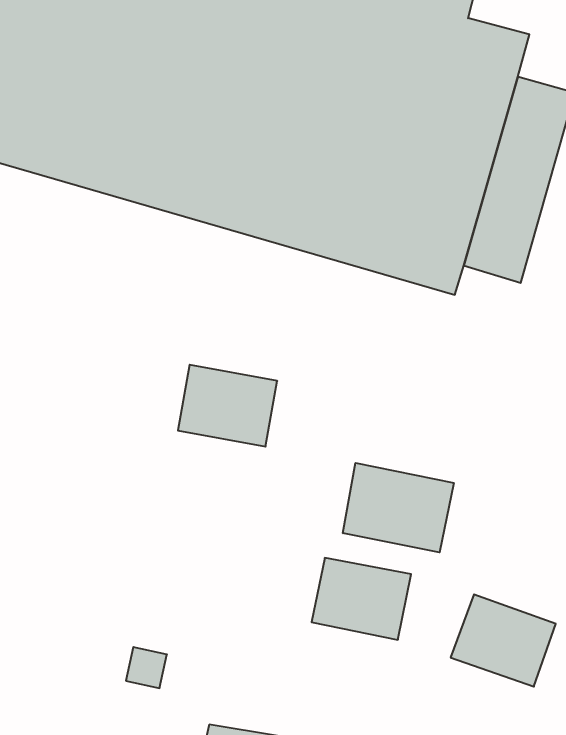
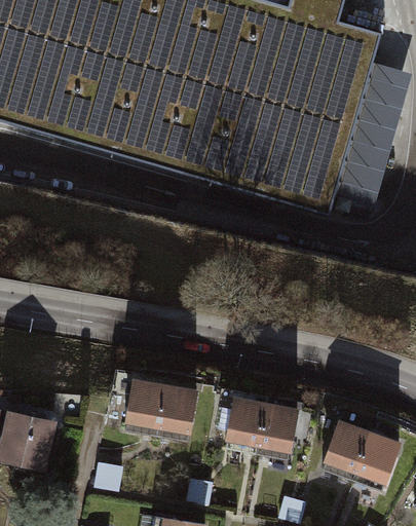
building: [178,365,277,447] -> [125,377,195,435]
building: [343,463,454,552] -> none
building: none -> [13,402,69,468]

